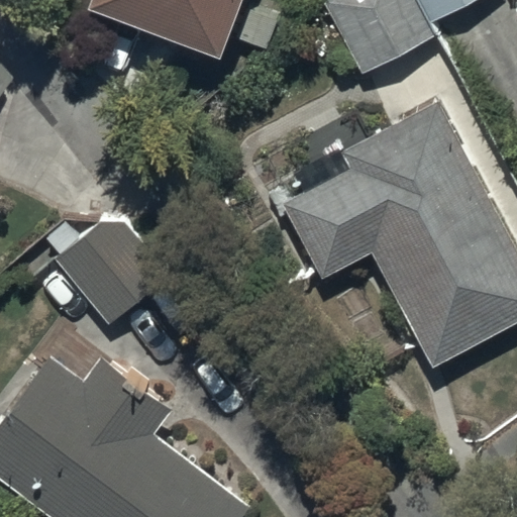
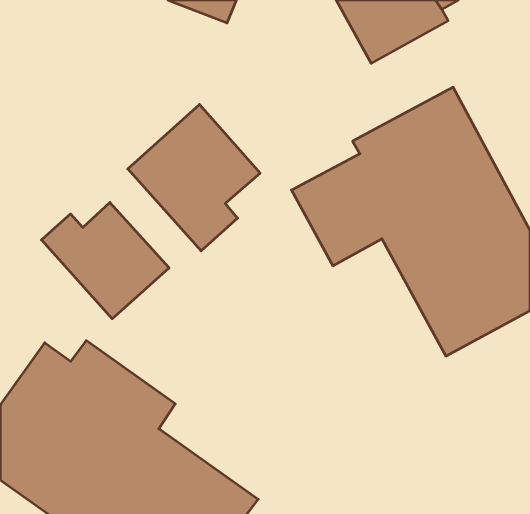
building: none -> [128,104,260,251]

